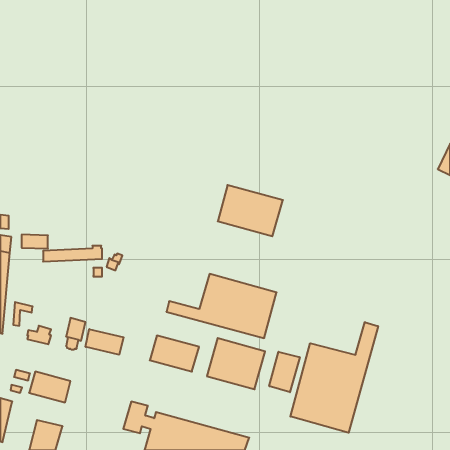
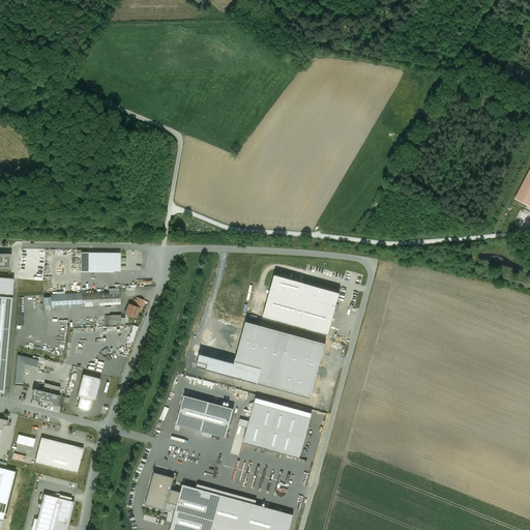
building: [218,185,283,236] -> [263,274,340,334]
building: [22,235,48,249] -> [82,253,113,269]
building: [290,322,378,433] -> none
building: [86,329,124,355] -> none
building: [269,352,300,392] -> none

